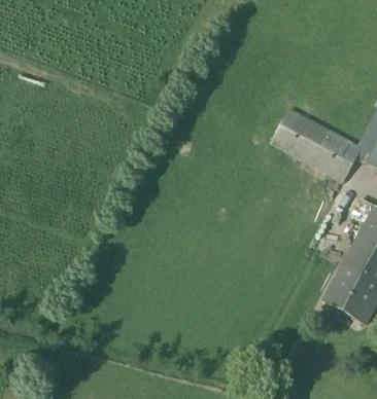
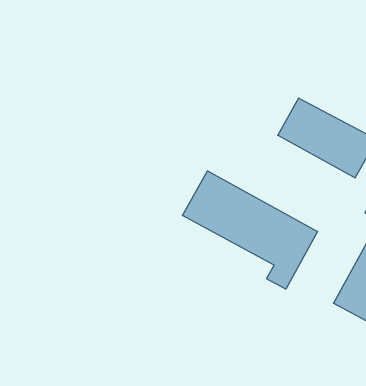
building: none -> [182,171,318,289]

